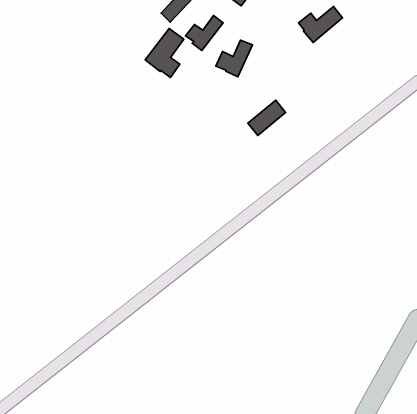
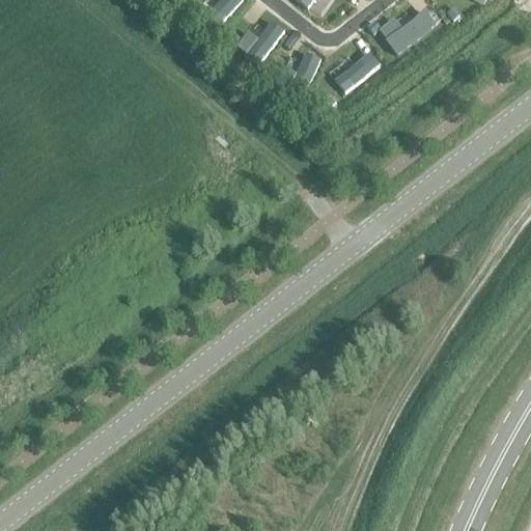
building: [145,28,184,77] -> none
building: [248,100,286,135] -> [334,48,382,92]

